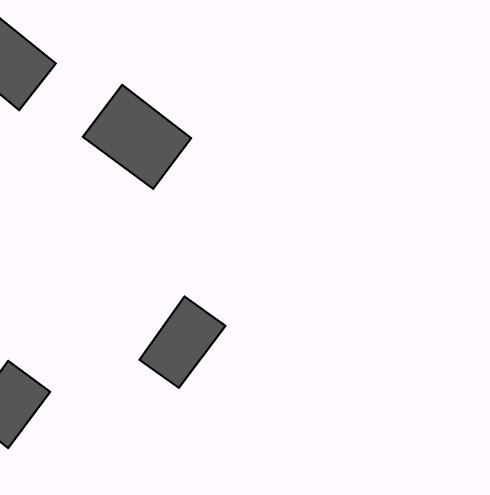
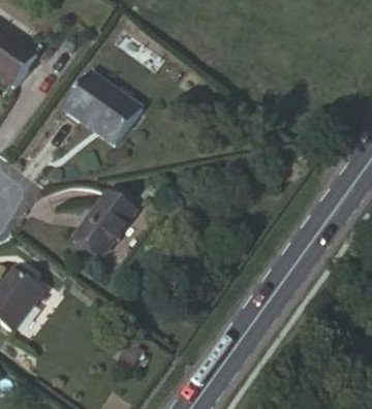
building: [139,296,225,388] -> [75,187,138,254]

